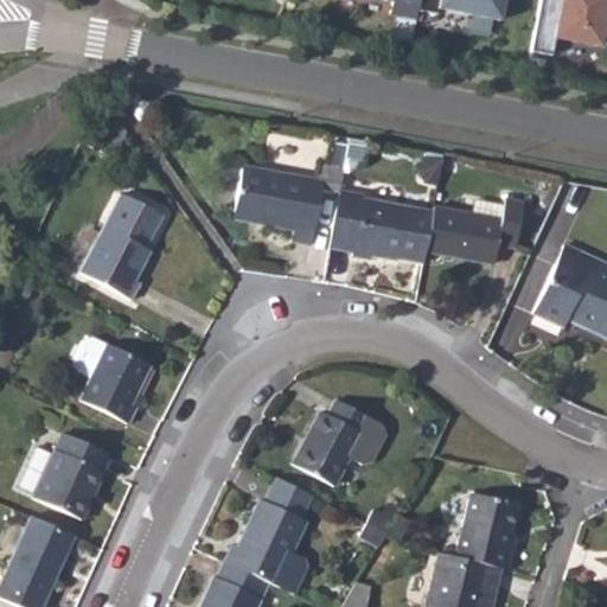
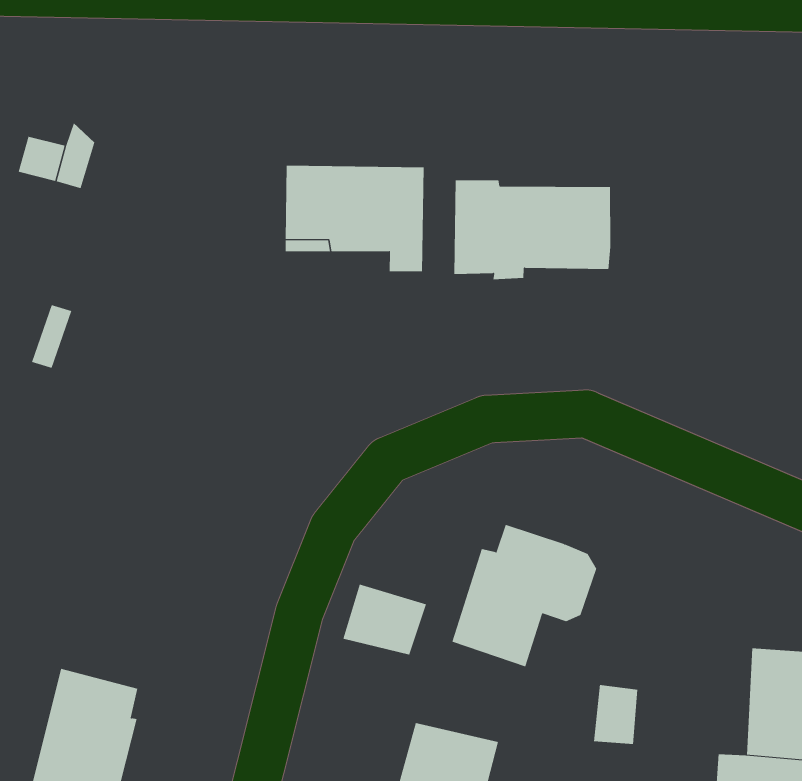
building: [83,194,167,299] -> none
building: [428,196,525,258] -> none
building: [75,343,152,424] -> none
building: [268,479,321,526] -> [343,584,427,655]

